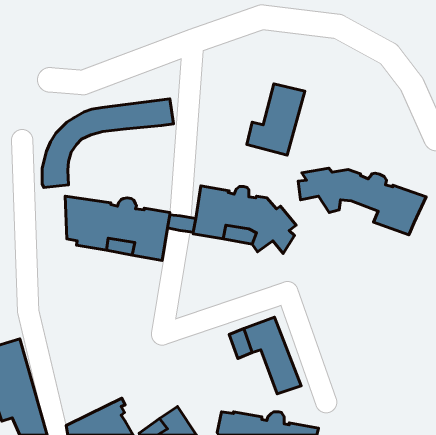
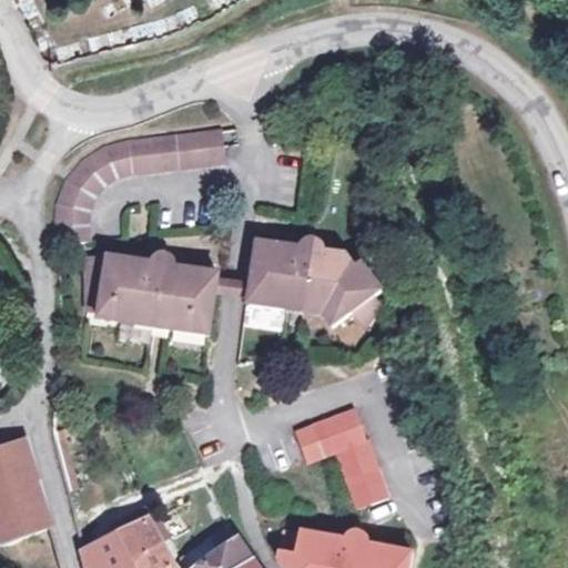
building: [247,84,305,155] -> none
building: [298,168,426,235] -> none

